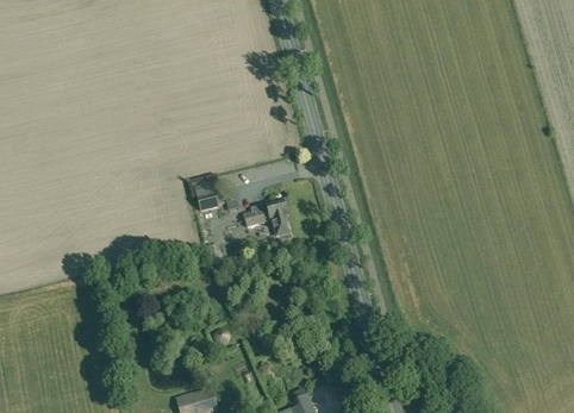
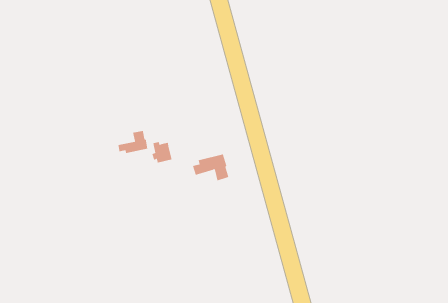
building: none -> [118,130,148,154]

